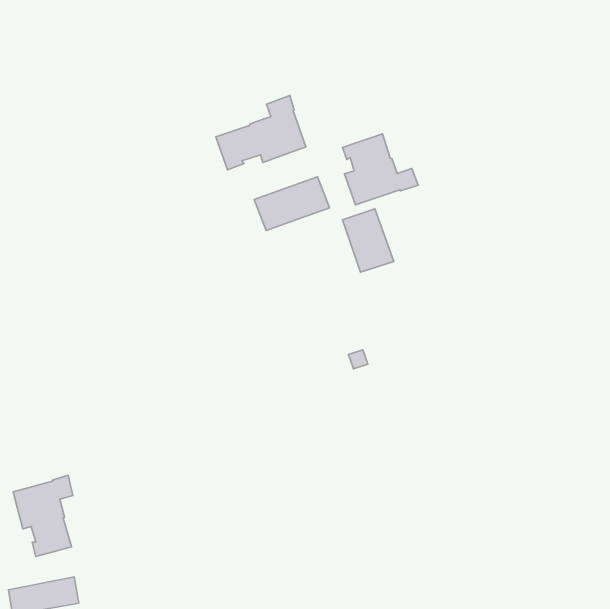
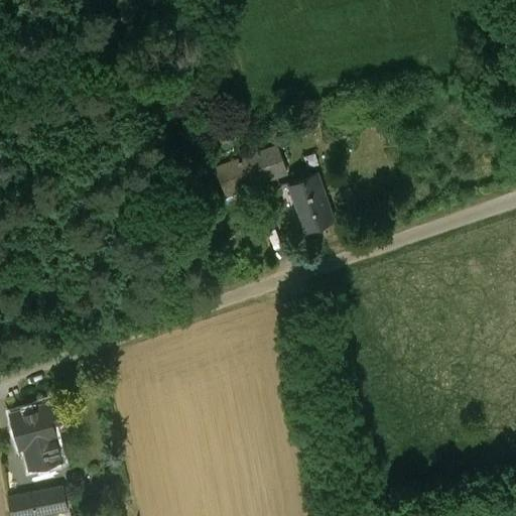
building: [216,95,306,170] -> none
building: [342,134,418,205] -> none

